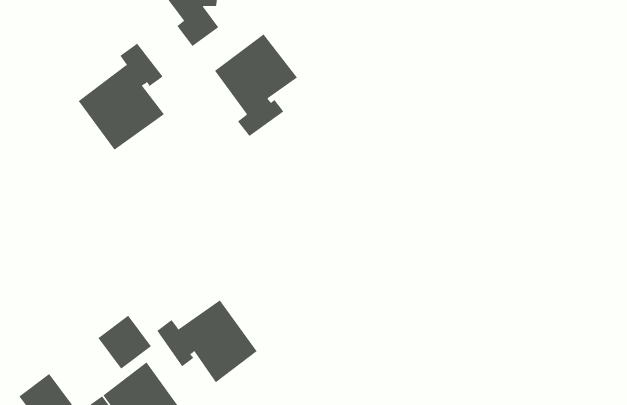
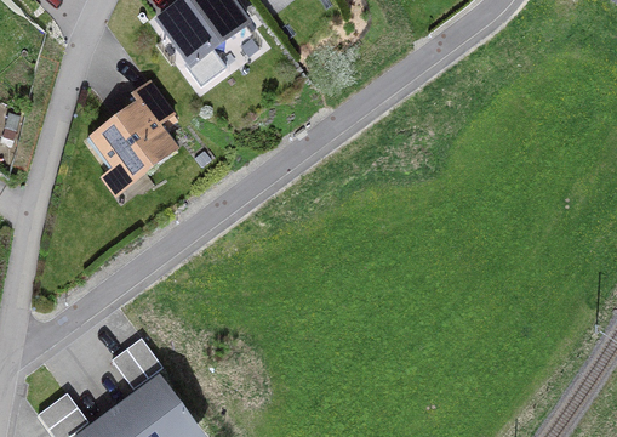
building: [214,33,298,137] -> none
building: [156,300,258,383] -> none

